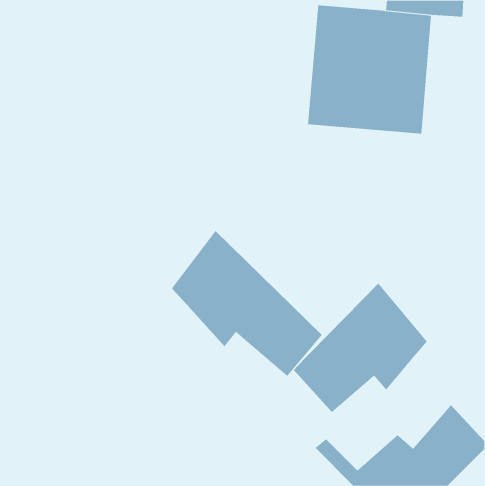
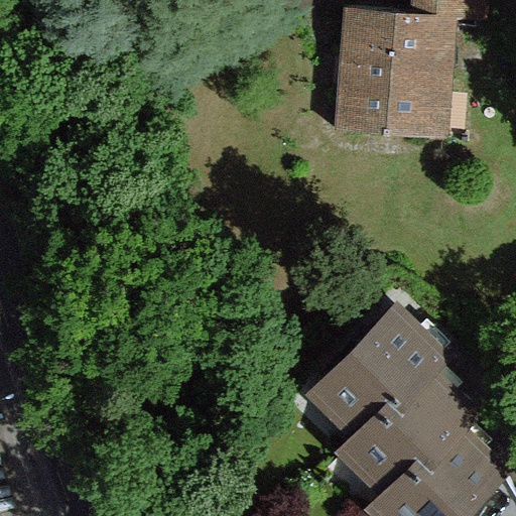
building: [171,230,322,377] -> none
building: none -> [336,377,484,498]

